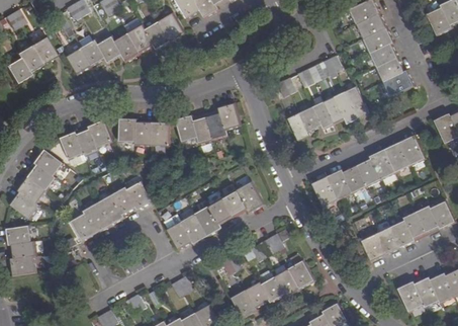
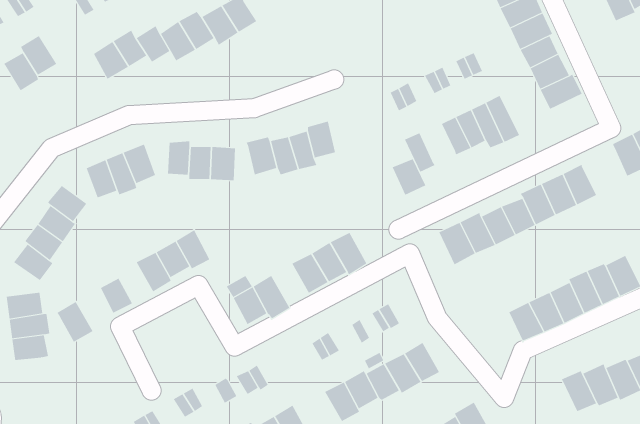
building: [29,34,56,63] -> none
building: [298,105,323,132] -> [392,158,426,196]
building: [83,203,109,233] -> [56,301,93,343]
building: [193,205,220,236] -> none

